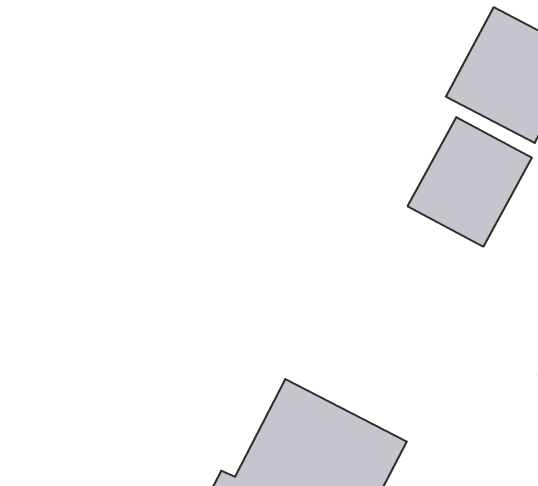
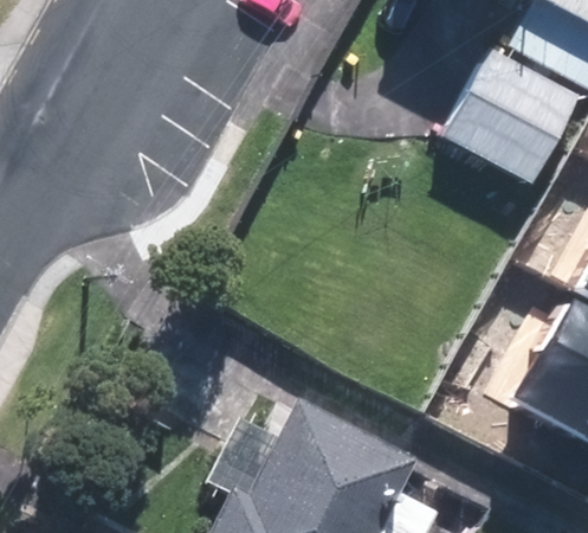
building: [408,117,532,247] -> none

